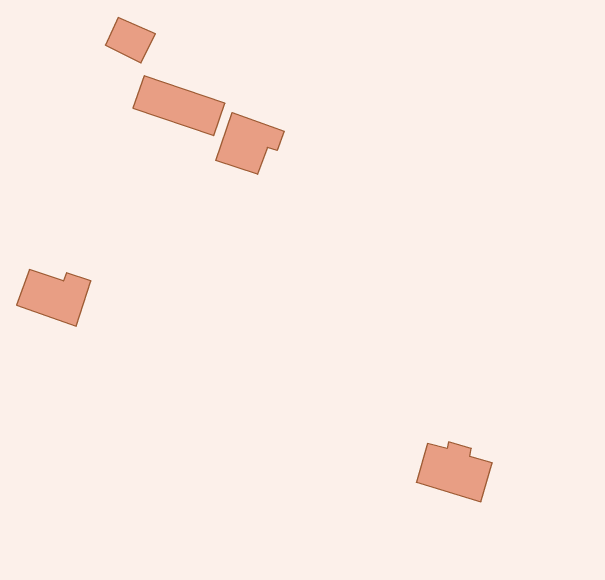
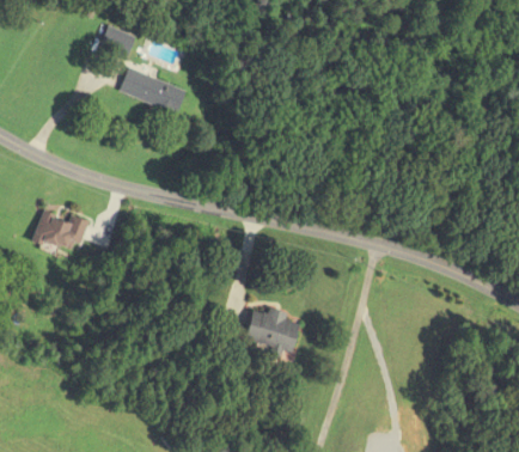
building: [216,113,284,174] -> none
building: [416,442,492,502] -> [245,309,301,353]

